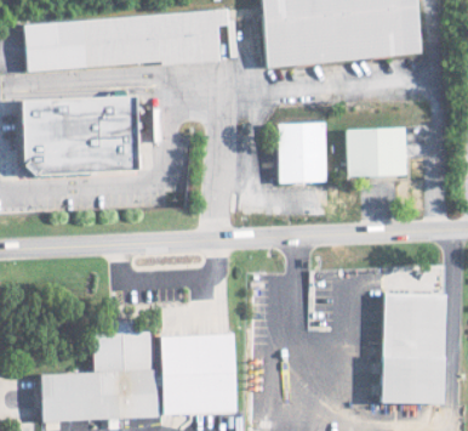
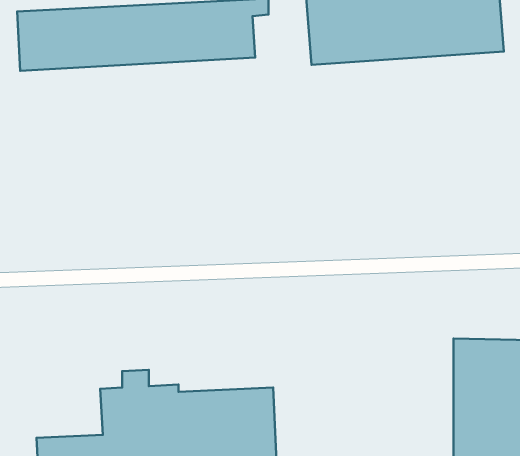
building: [21,97,139,176] -> none
building: [279,123,330,183] -> none
building: [347,129,409,177] -> none

